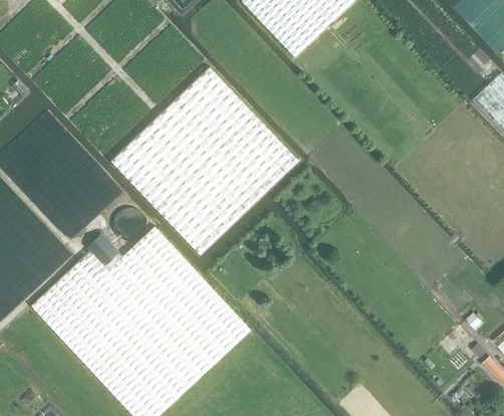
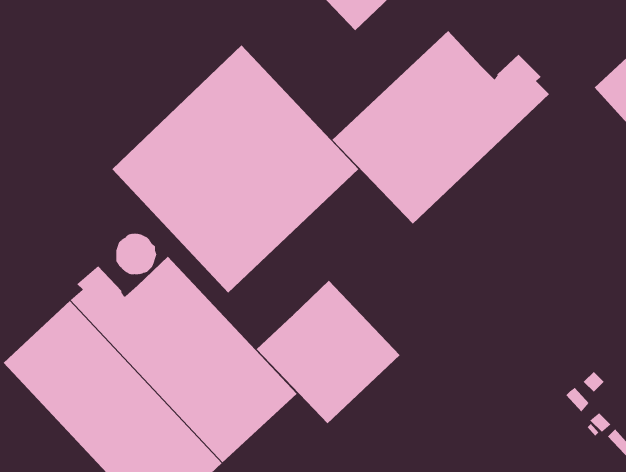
building: none -> [332,30,550,225]
building: none -> [256,280,401,424]

